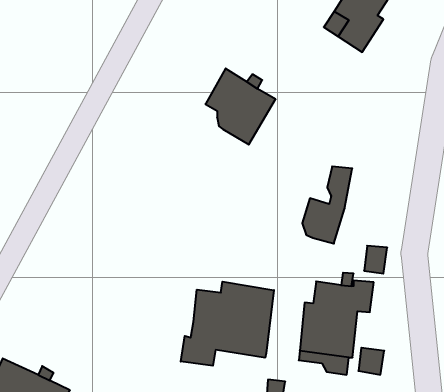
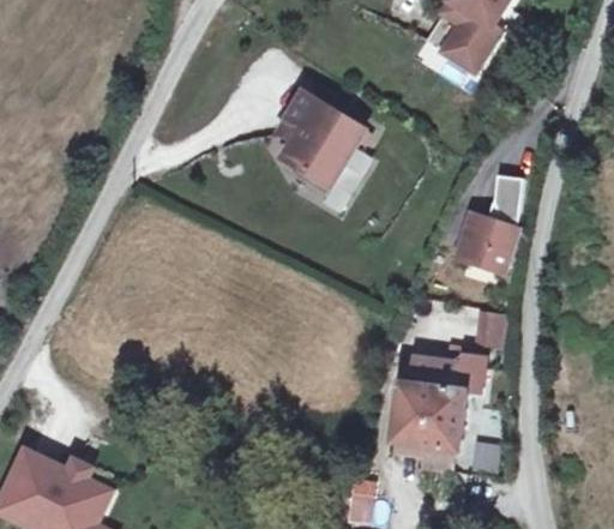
building: [302,166,352,244] -> [462,175,524,271]
building: [181,282,274,366] -> none

